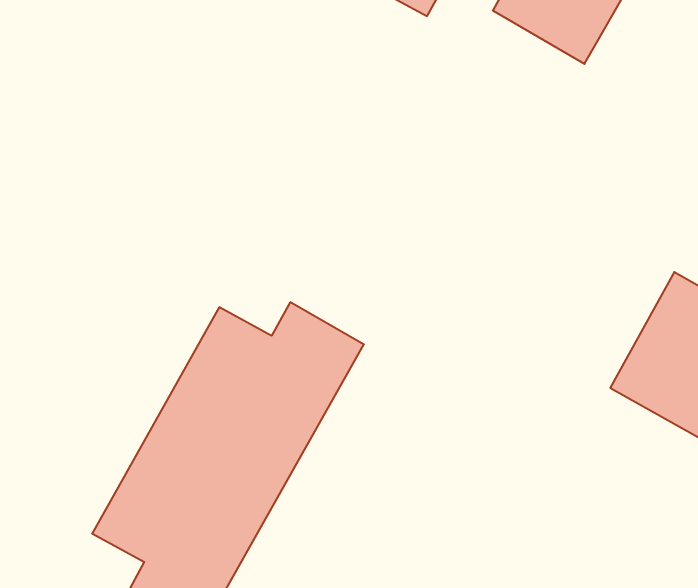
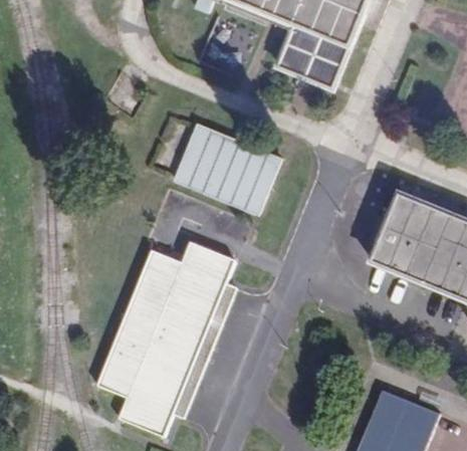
building: none -> [177,118,287,210]

